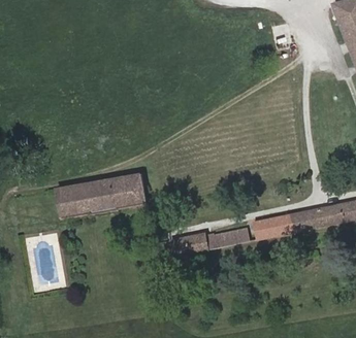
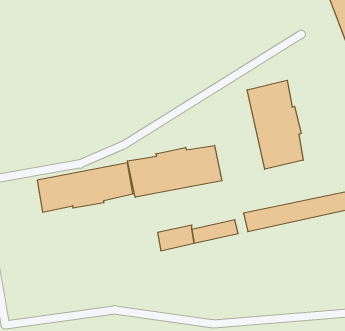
building: none -> [247,80,303,169]
building: none -> [128,145,222,197]

